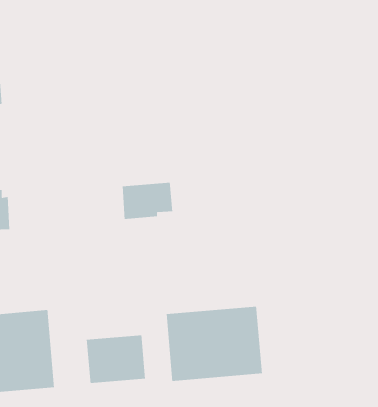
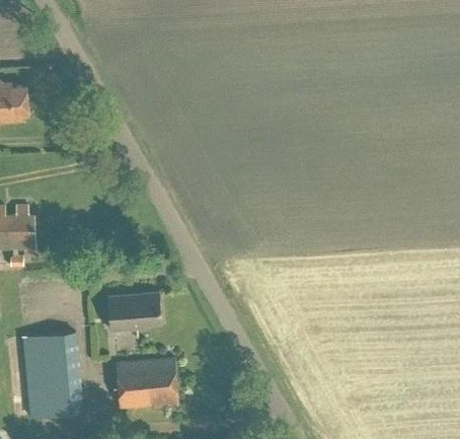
building: [122,182,173,220] -> [108,291,162,331]
building: [166,306,263,382] -> none

